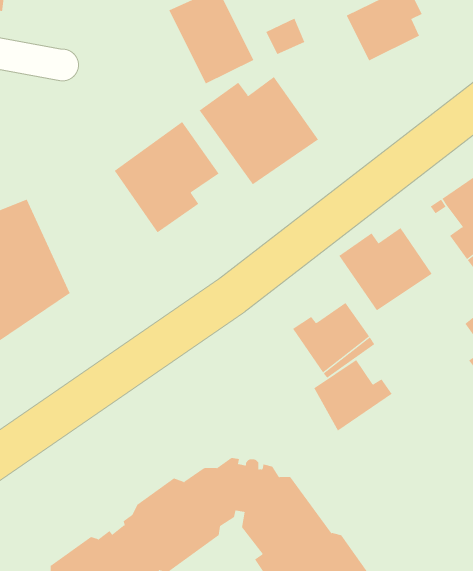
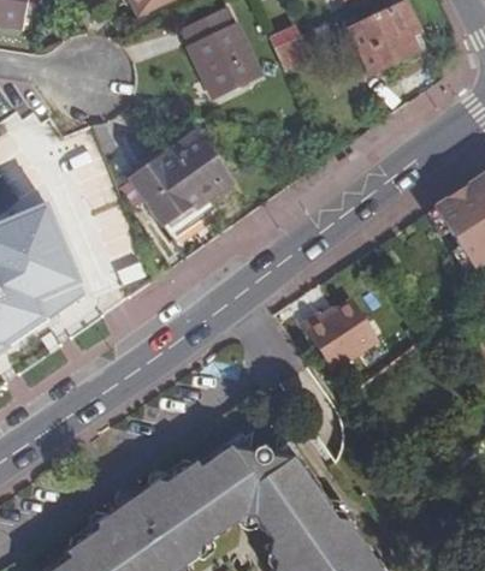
building: [199,76,319,185] -> none
building: [338,227,432,311] -> none
building: [314,359,392,431] -> none

